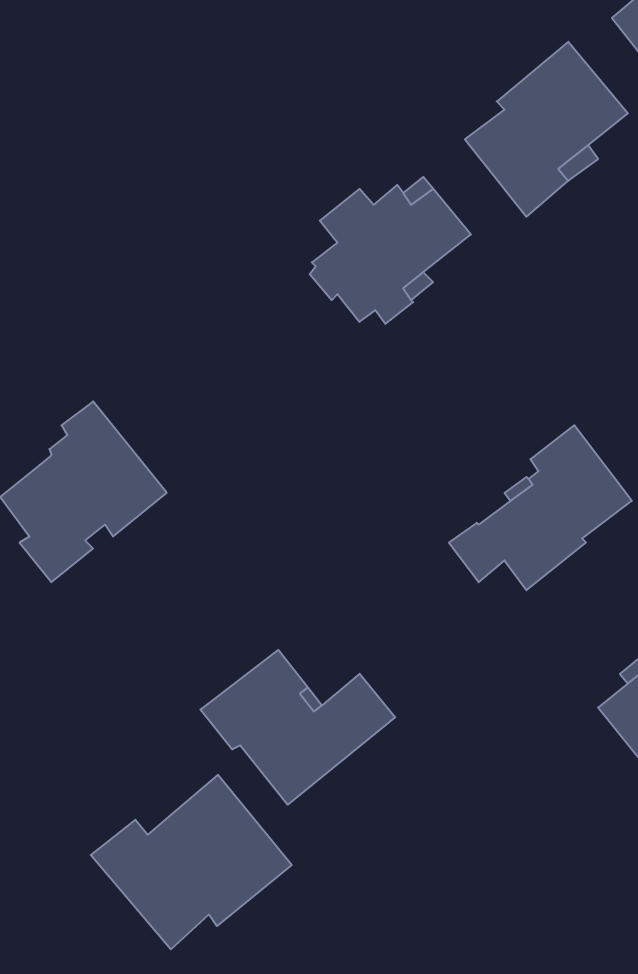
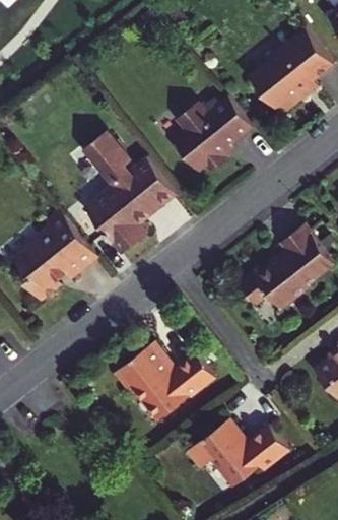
building: none -> [79,130,174,253]
building: [91,775,292,949] -> none
building: none -> [188,417,289,484]

